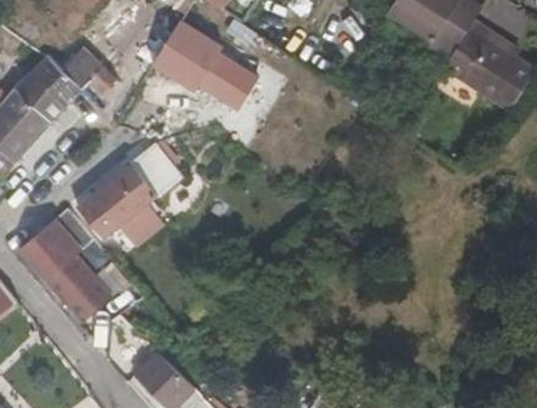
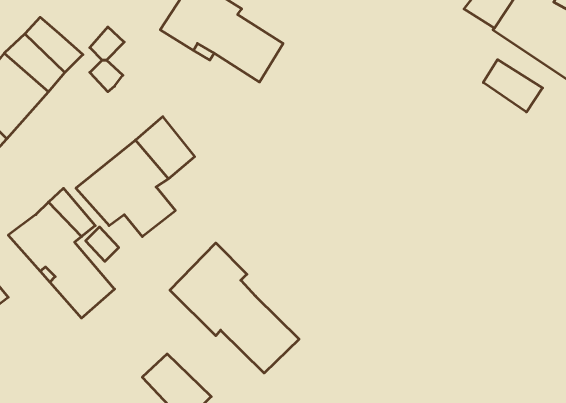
building: none -> [483,60,543,112]
building: none -> [170,243,299,373]

